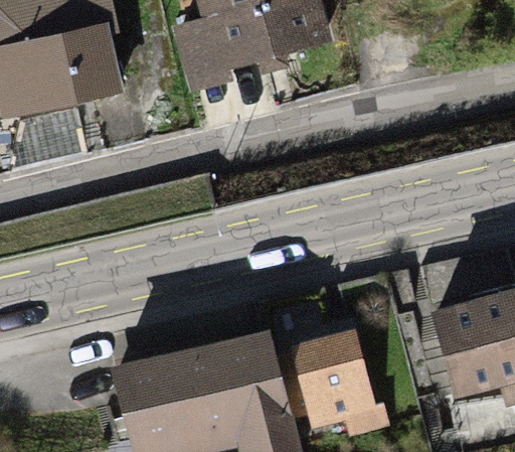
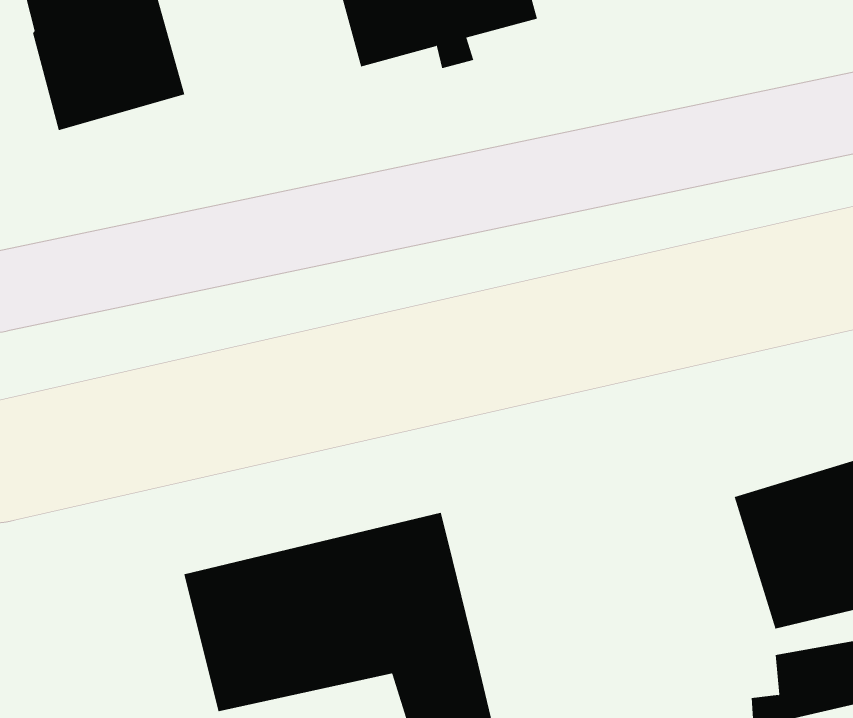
building: [270,336,385,436] -> none

